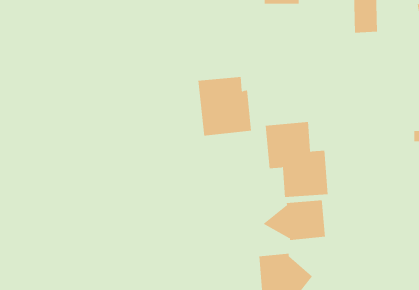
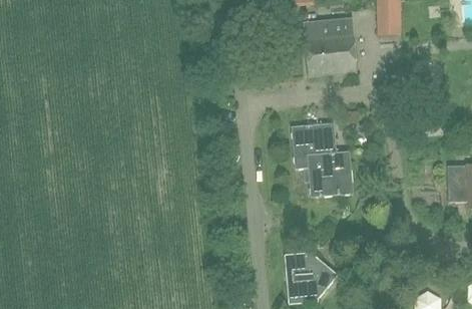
building: [197,76,252,136] -> [304,17,357,75]
building: [263,199,326,241] -> none

